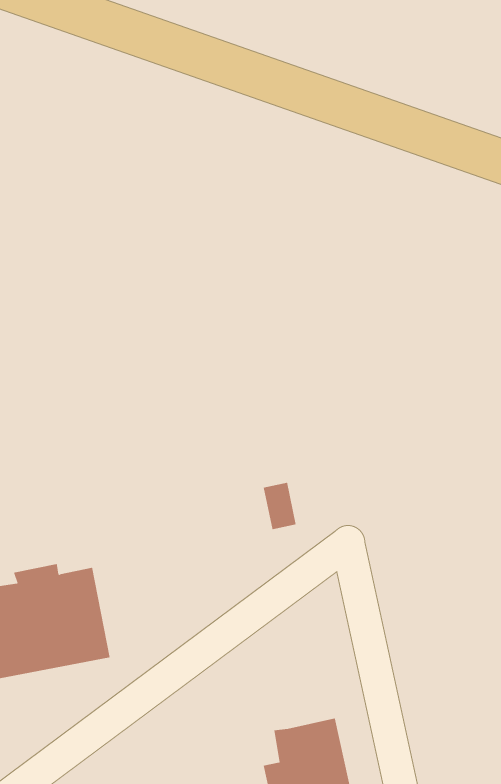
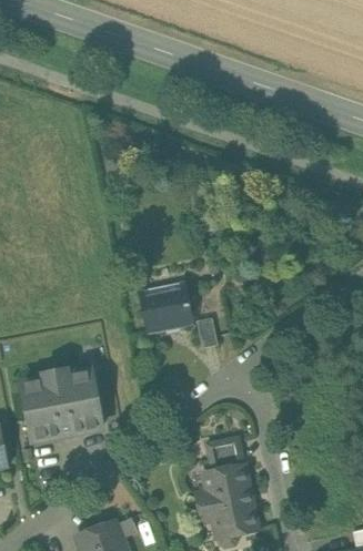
building: none -> [140,283,194,333]
building: none -> [208,438,243,471]

